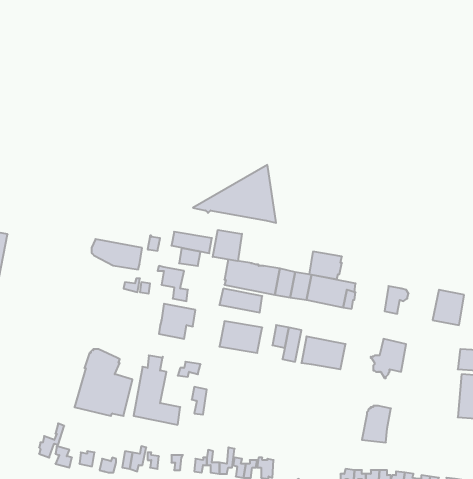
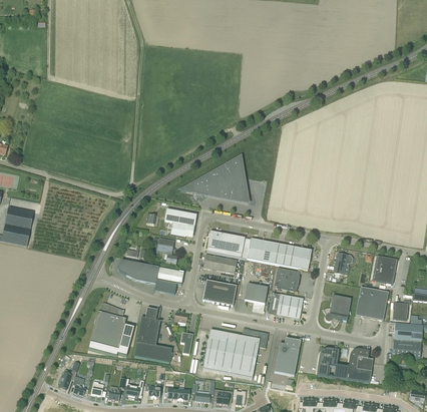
building: [213,230,242,261] -> none
building: [92,239,142,269] -> [118,259,158,283]
building: [309,252,342,279] -> [274,268,300,290]
building: none -> [355,286,388,320]
building: none -> [202,328,268,377]
building: none -> [274,338,301,375]
building: none -> [335,348,373,382]

